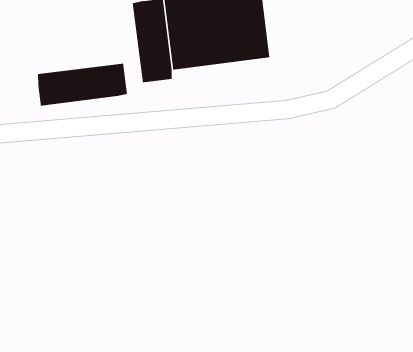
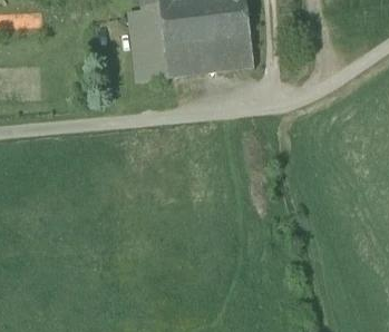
building: [38,63,128,107] -> none

